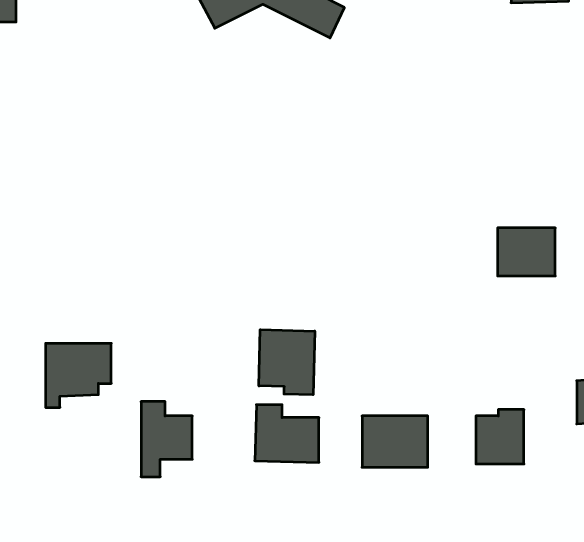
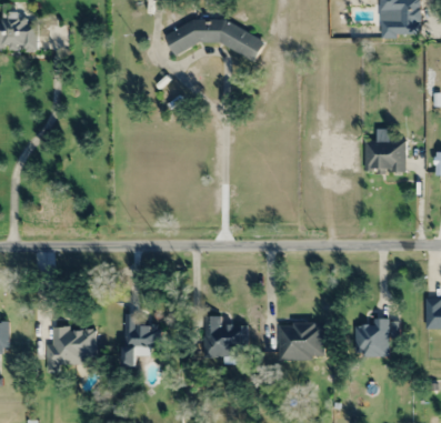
building: [498,228,555,276] -> [365,139,405,172]
building: [259,330,315,395] -> none
building: [46,343,111,407] -> [49,328,94,372]

